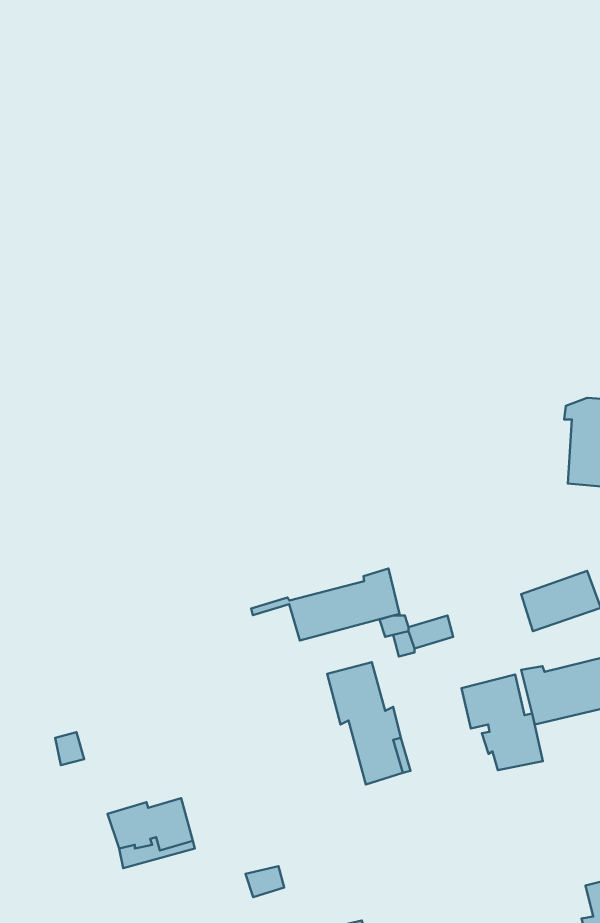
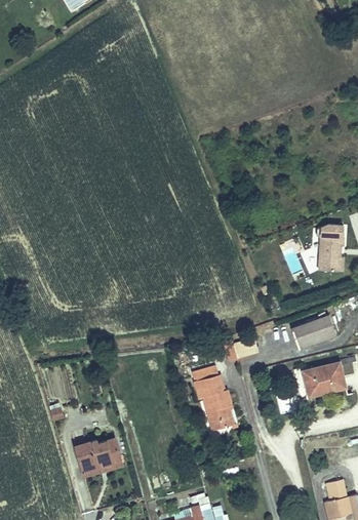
building: [251,568,400,641] -> none
building: [462,675,543,770] -> none

